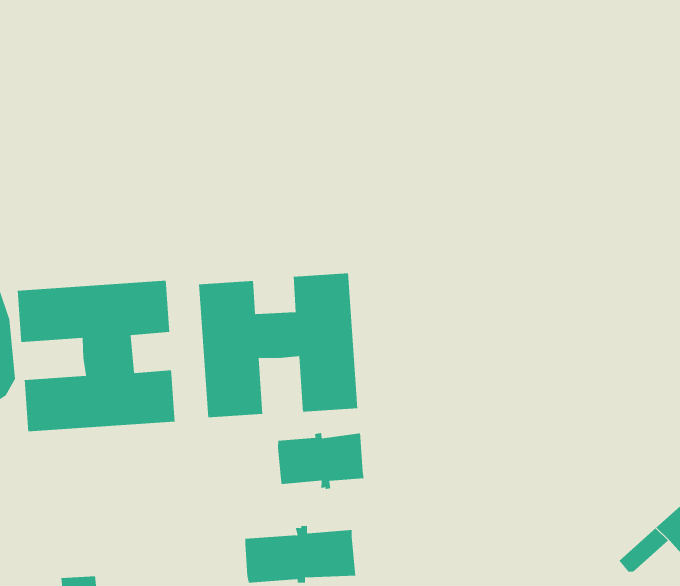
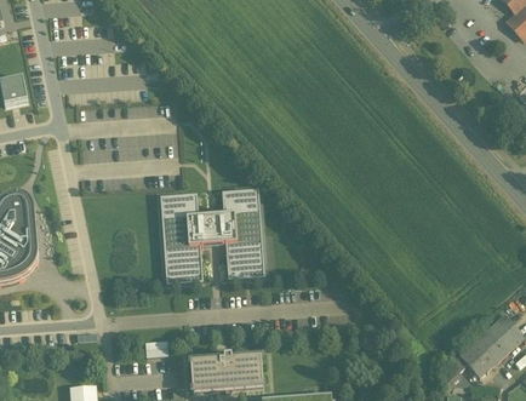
building: [17,280,175,432] -> none
building: [277,432,364,490] -> none

